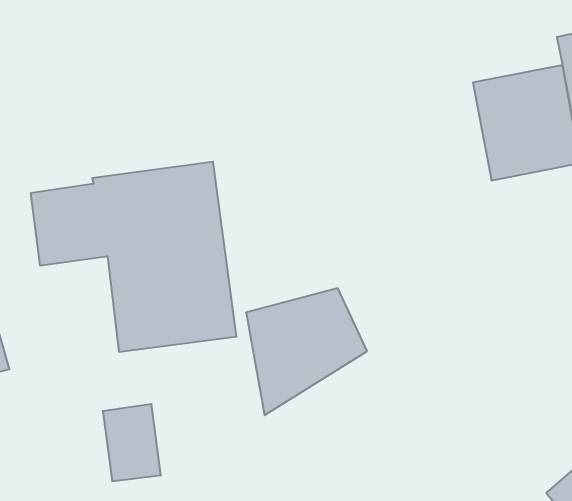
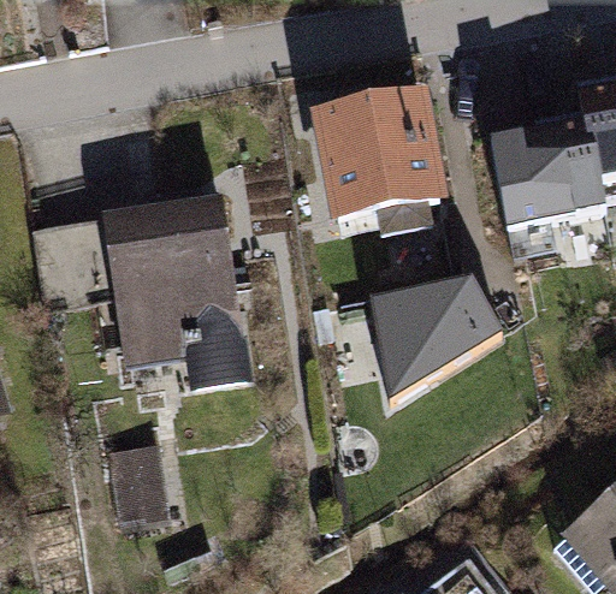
building: none -> [309,76,448,232]
building: [246,288,367,415] -> [373,265,498,396]

